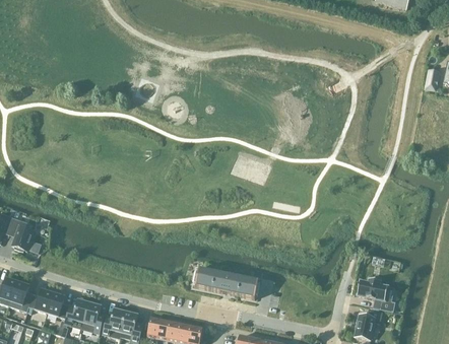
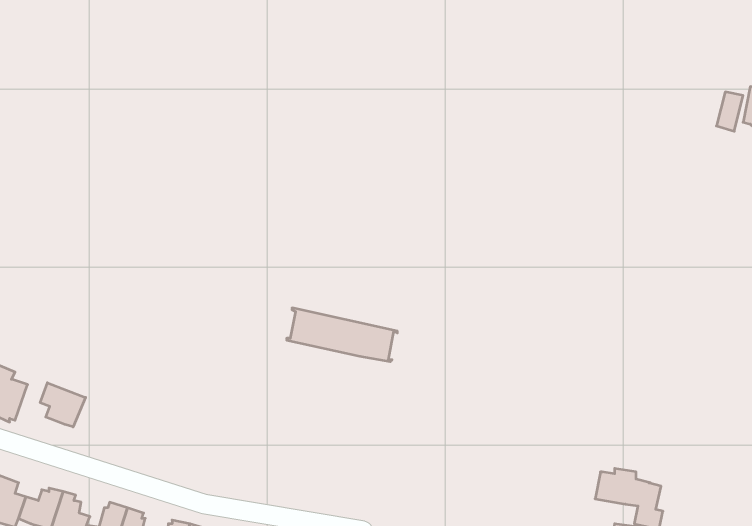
building: none -> [40,383,86,427]
building: [195,268,258,298] -> [287,308,397,362]

